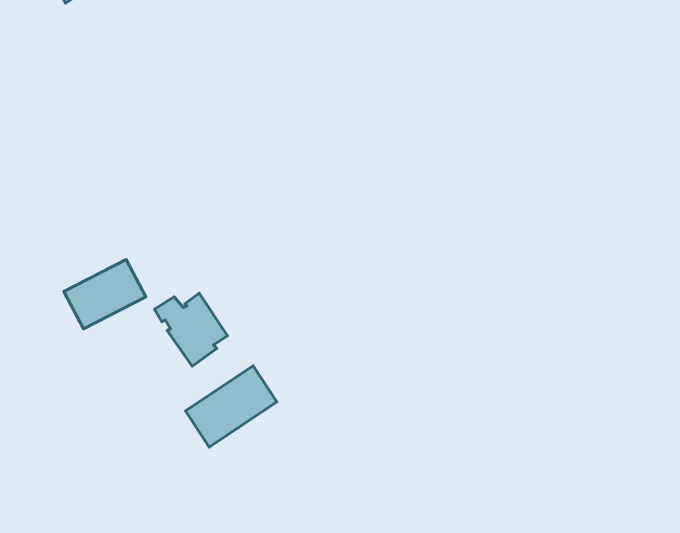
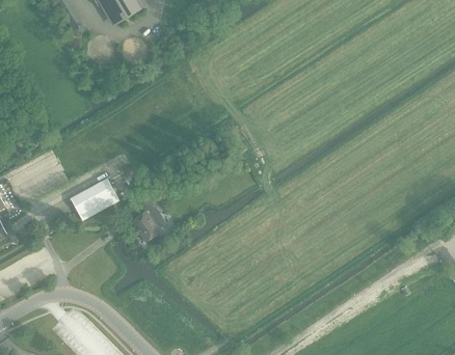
building: [185,366,277,447] -> none

